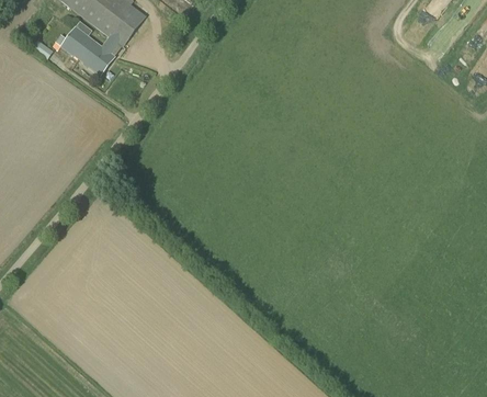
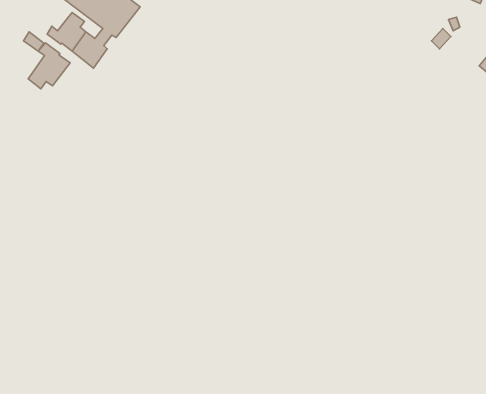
building: none -> [28,43,70,89]

